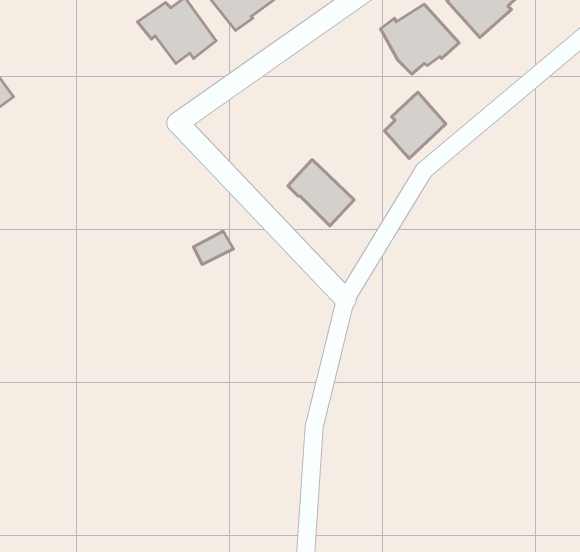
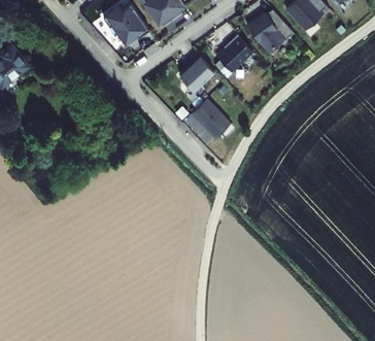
building: none -> [179,54,216,89]
building: [385,92,446,159] -> [219,32,255,71]

